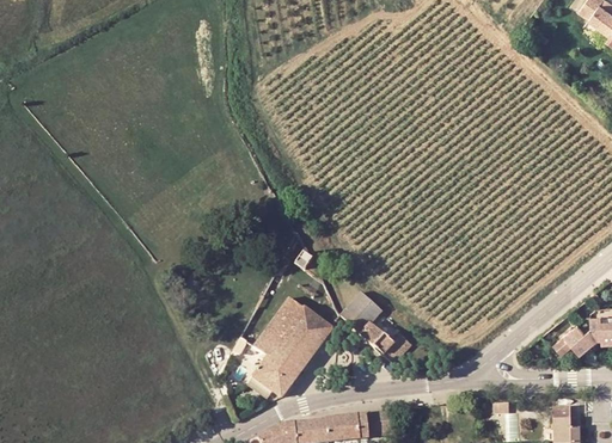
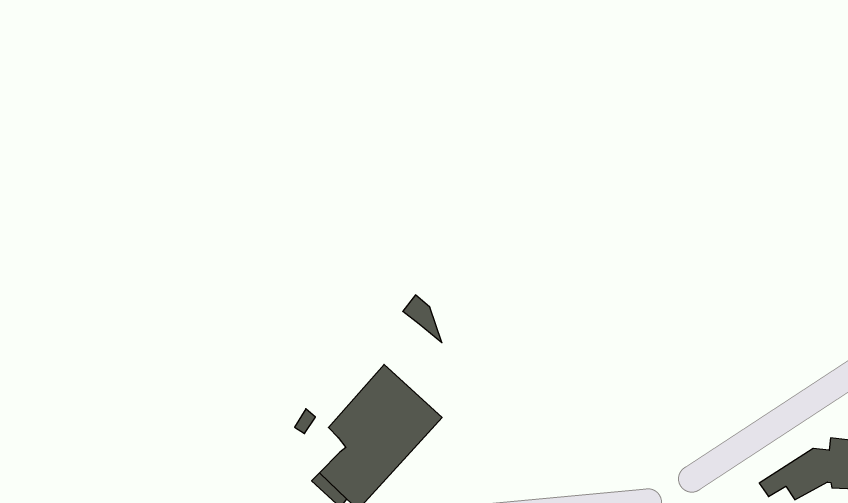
building: [343,291,411,362] -> none

